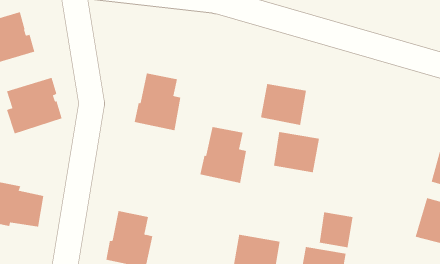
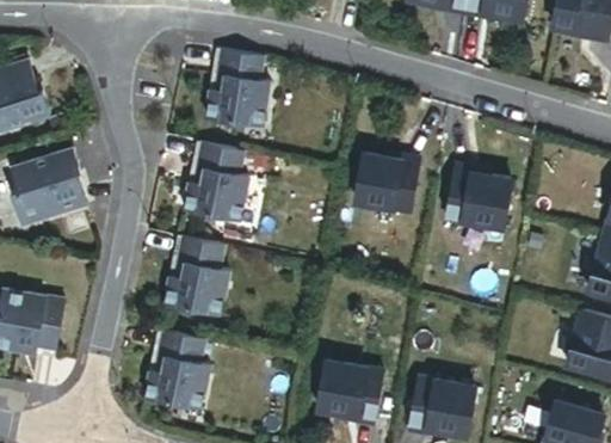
building: none -> [206,50,272,128]
building: [199,126,247,183] -> [166,236,230,314]
building: [273,132,320,173] -> [448,173,511,229]
building: [319,212,353,248] -> none

